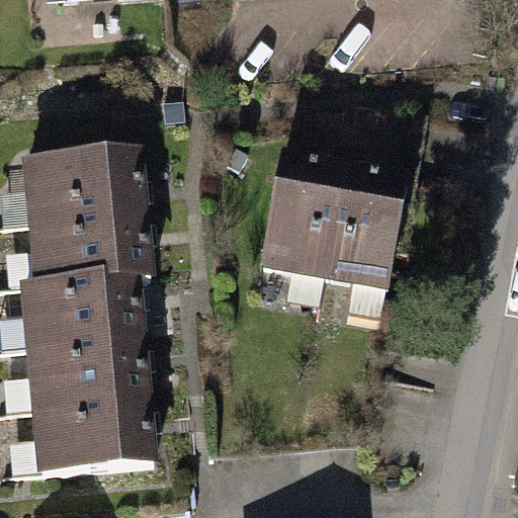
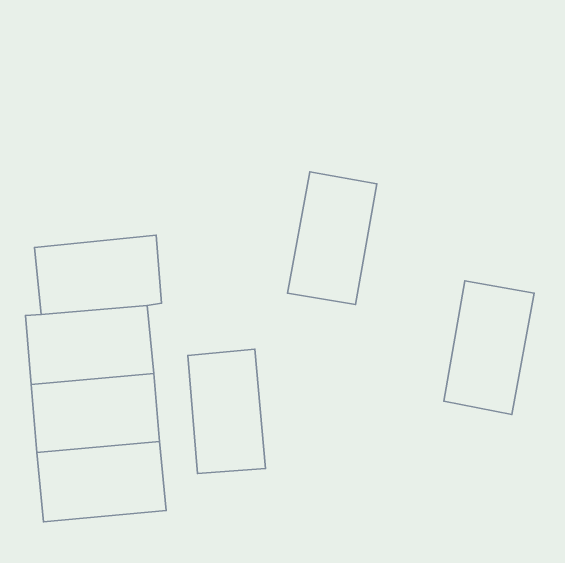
building: [26,151,142,225] -> none
building: [323,167,405,288] -> [444,281,534,415]
building: none -> [188,349,266,473]

